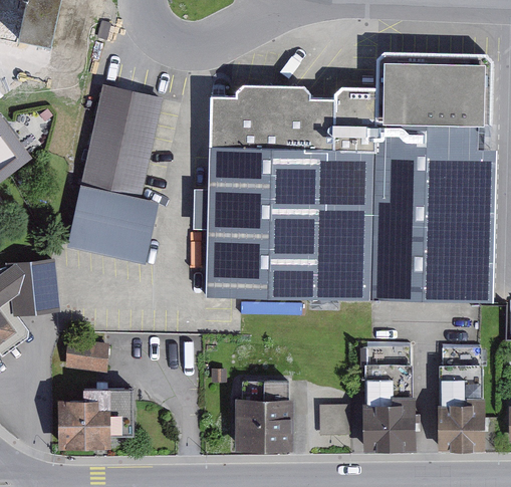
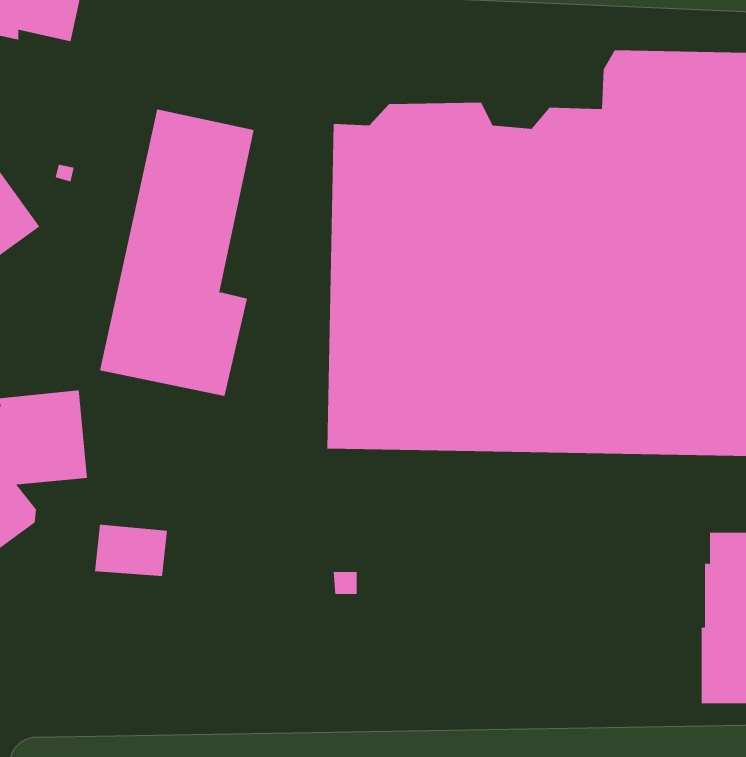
building: [360,345,416,454] -> none
building: [233,381,293,451] -> none
building: [56,388,134,450] -> none
building: [318,406,352,437] -> none

